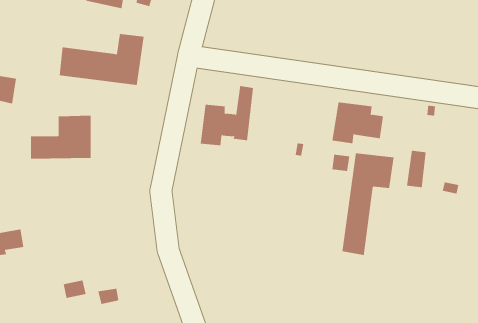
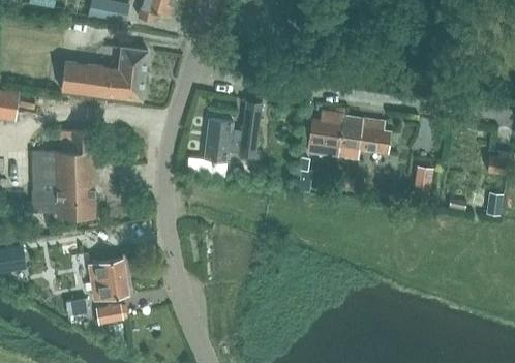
building: none -> [308,114,343,156]
building: [342,152,394,256] -> none
building: none -> [32,174,95,217]
building: none -> [87,258,128,300]

